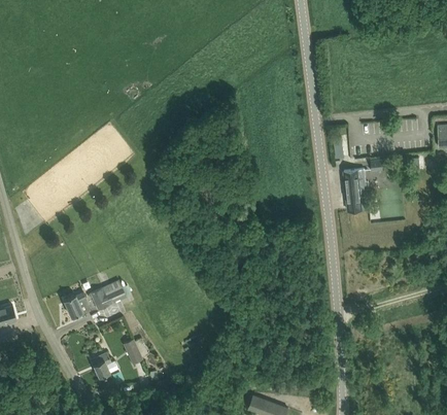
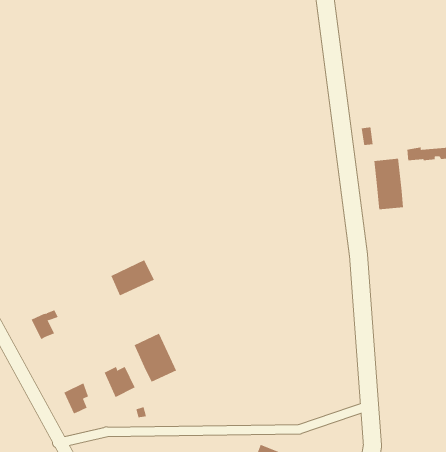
building: [91,279,127,309] -> [111,260,155,296]
building: none -> [134,333,177,383]

